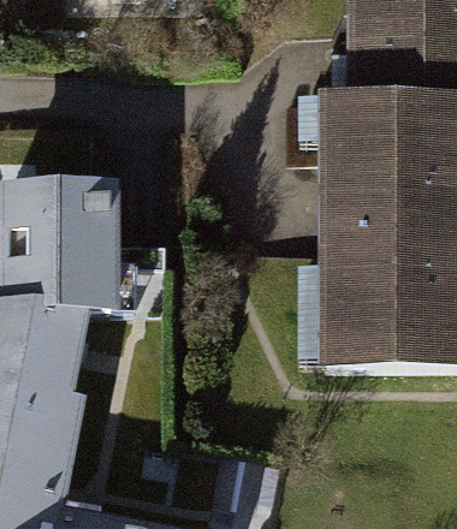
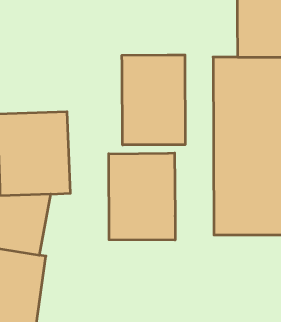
building: none -> [122,55,185,145]
building: none -> [109,153,175,240]

